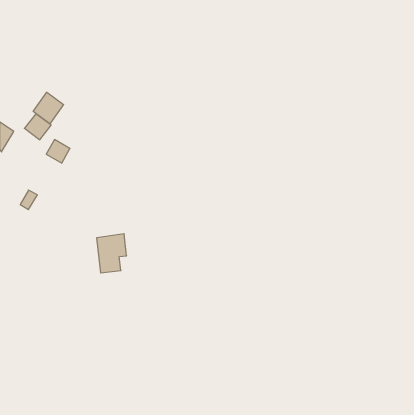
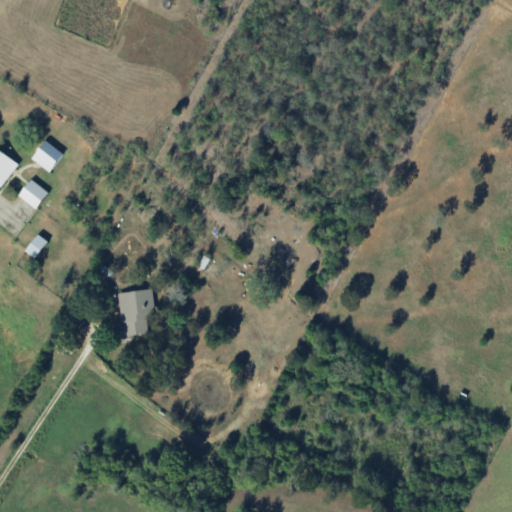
building: [33,92,64,124] -> none
building: [46,140,70,163] -> [18,179,47,208]

